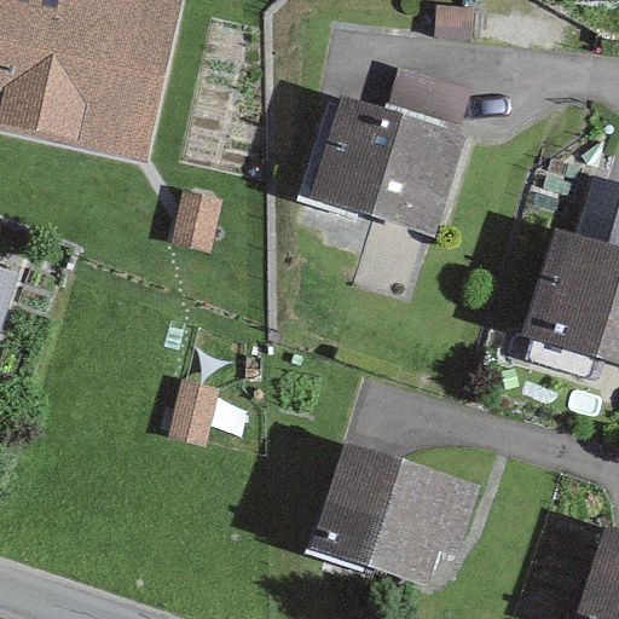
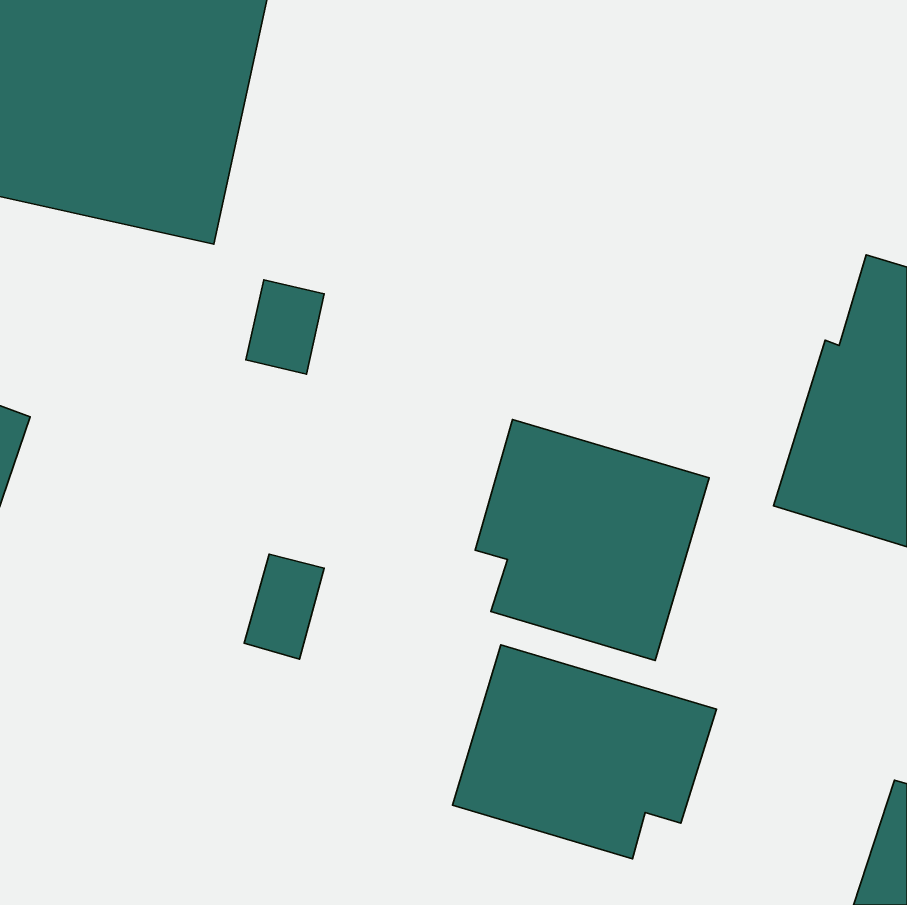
building: [308,70,472,235] -> none
building: none -> [475,419,709,660]

